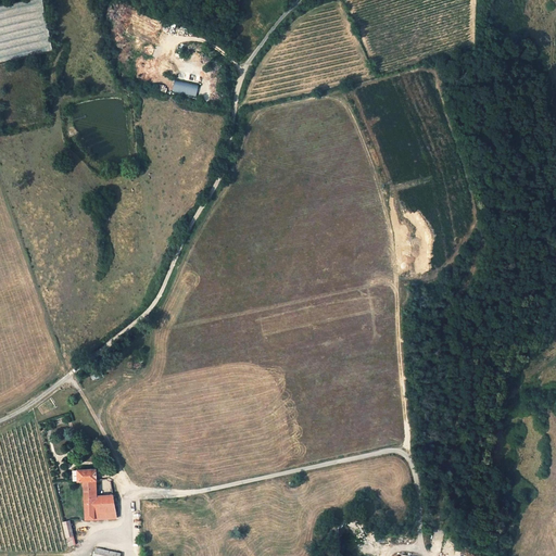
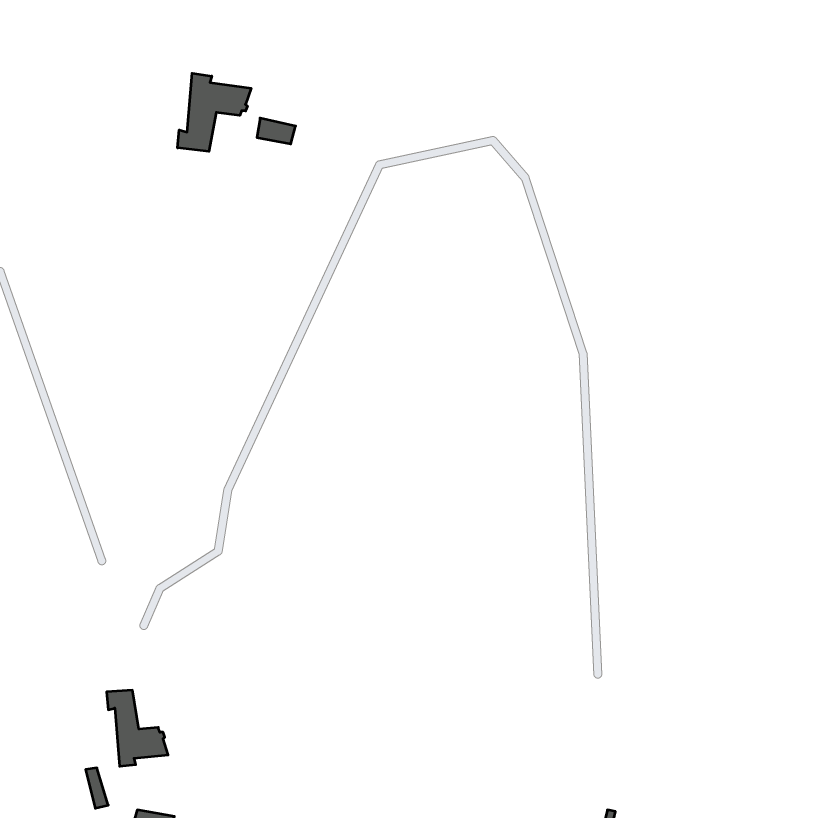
building: none -> [178,73,251,151]

